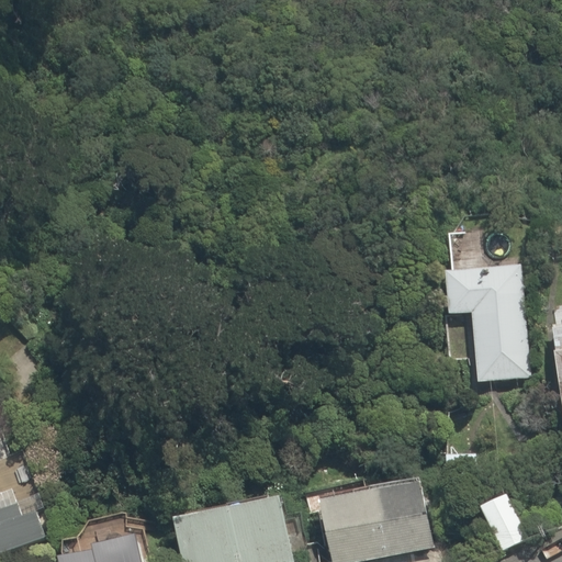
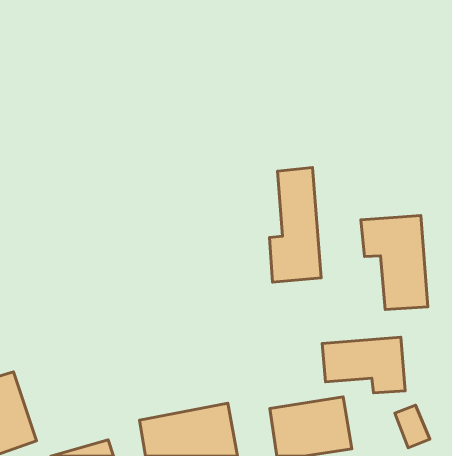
building: none -> [269,168,321,282]
building: none -> [322,337,405,393]

